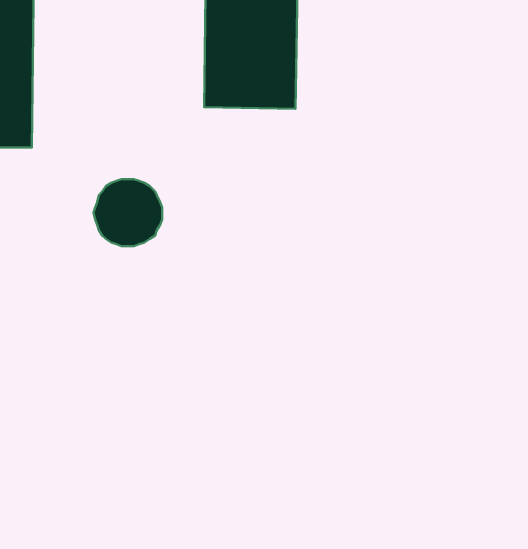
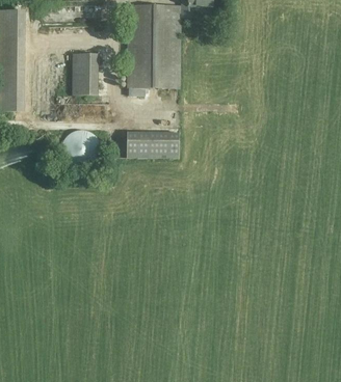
building: none -> [74,53,100,94]
building: none -> [128,132,181,158]

